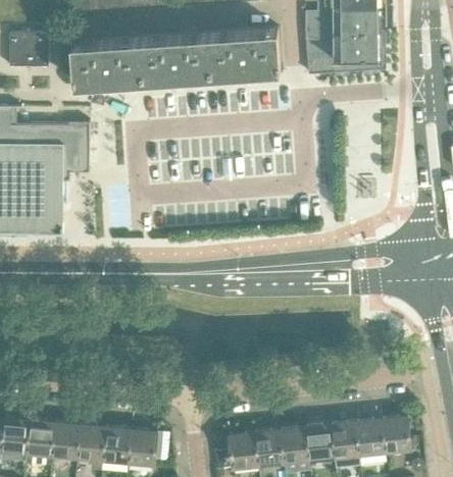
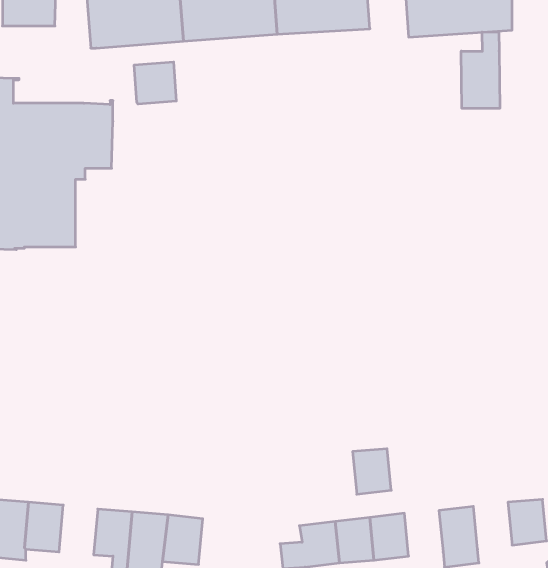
building: none -> [461,32,500,108]
building: none -> [134,62,176,104]
building: [355,419,384,454] -> none
building: [49,421,78,458] -> none
building: [304,425,333,459] -> [353,449,391,494]

